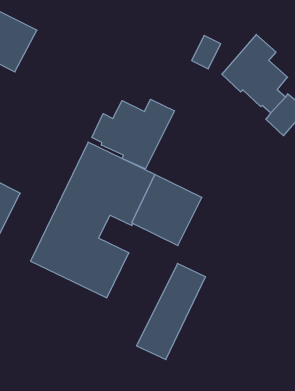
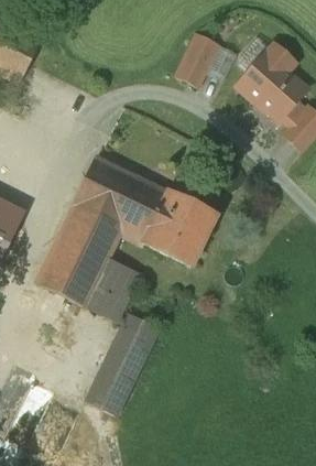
building: none -> [175,33,218,85]
building: [92,99,174,169] -> none
building: [137,263,206,360] -> [85,313,157,414]

